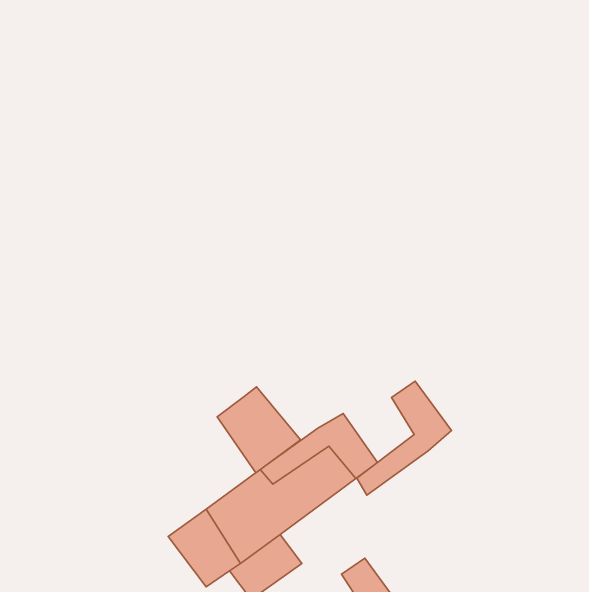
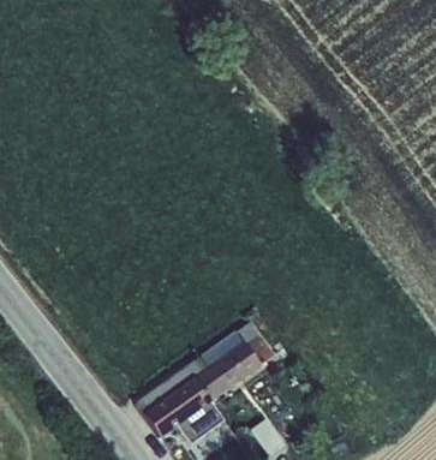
building: [357,381,451,495] -> none
building: [217,387,301,473] -> none

